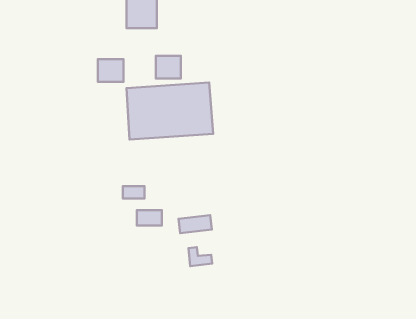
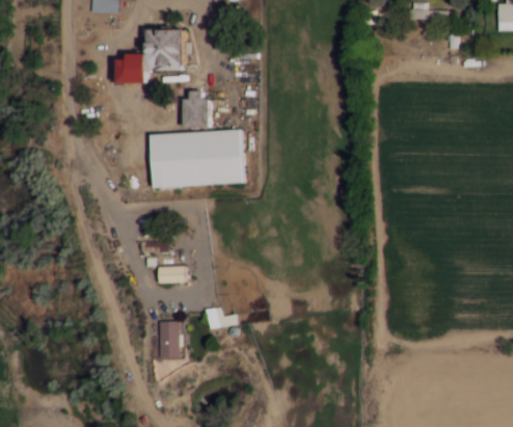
building: [98,59,124,82] -> [113,57,141,82]
building: [179,215,212,233] -> none
building: none -> [163,322,182,357]

